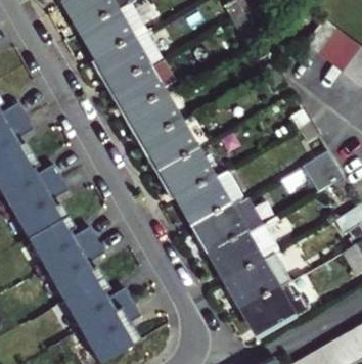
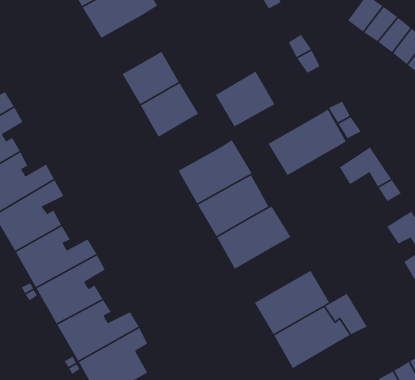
building: [96,37,147,86] -> none
building: [144,120,195,168] -> [215,70,275,127]
building: [209,222,275,279] -> [268,108,346,176]

